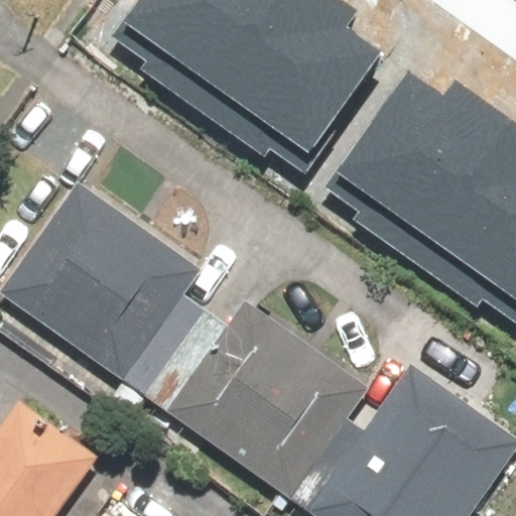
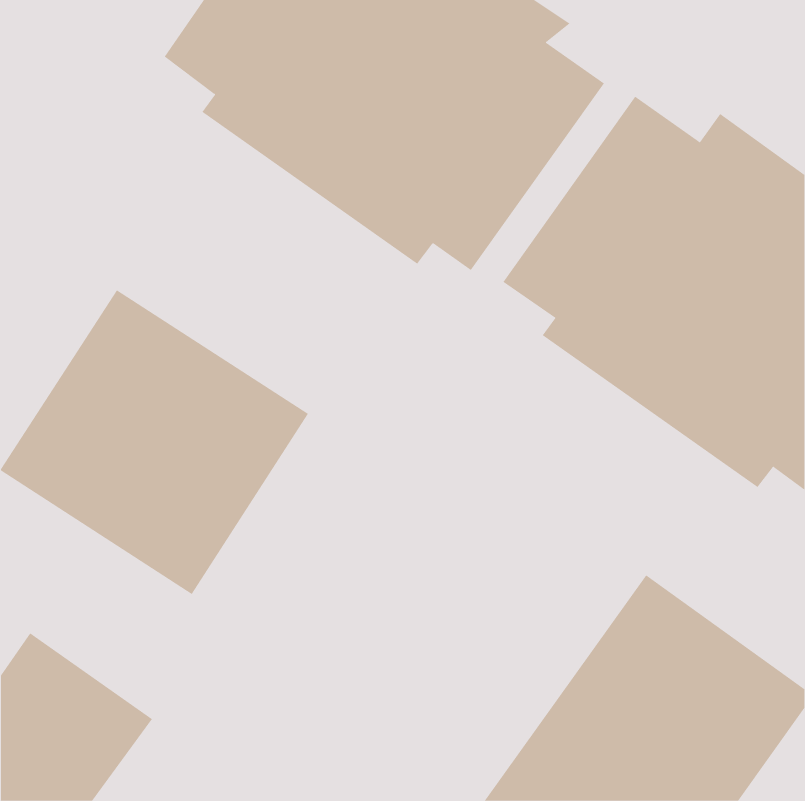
building: [168,299,368,496] -> none

